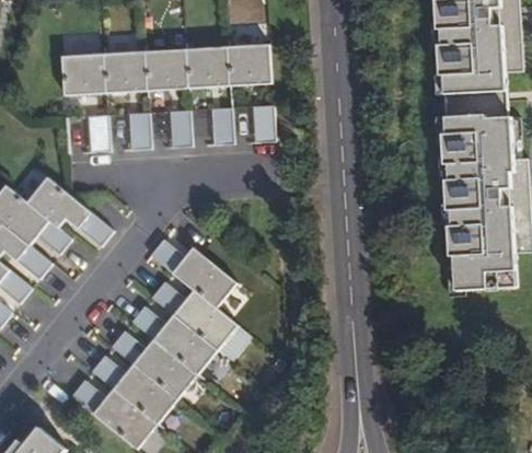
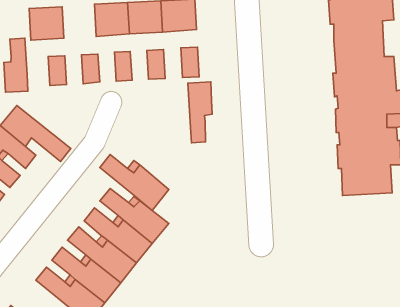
building: [102,50,144,93] -> none
building: none -> [4,38,28,92]
building: none -> [188,82,212,143]

